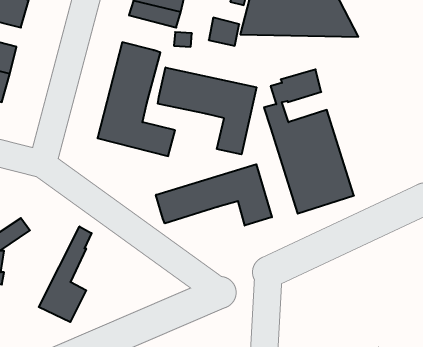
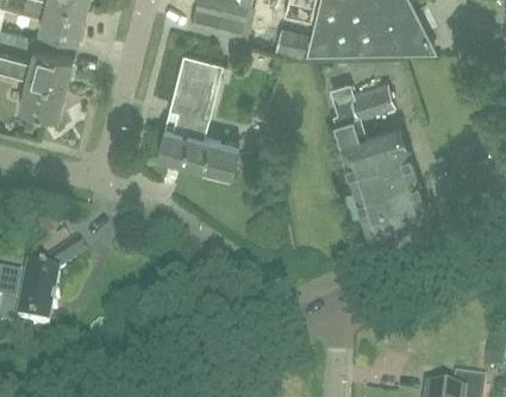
building: [158,67,256,154] -> none
building: [156,164,272,226] -> none
building: [39,226,92,322] -> none

